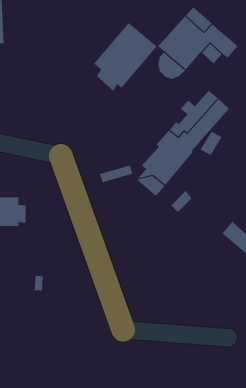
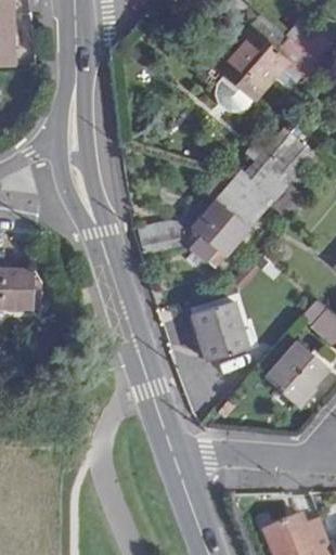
building: [93,22,157,91] -> none
building: none -> [194,305,247,363]
building: none -> [264,339,328,403]

